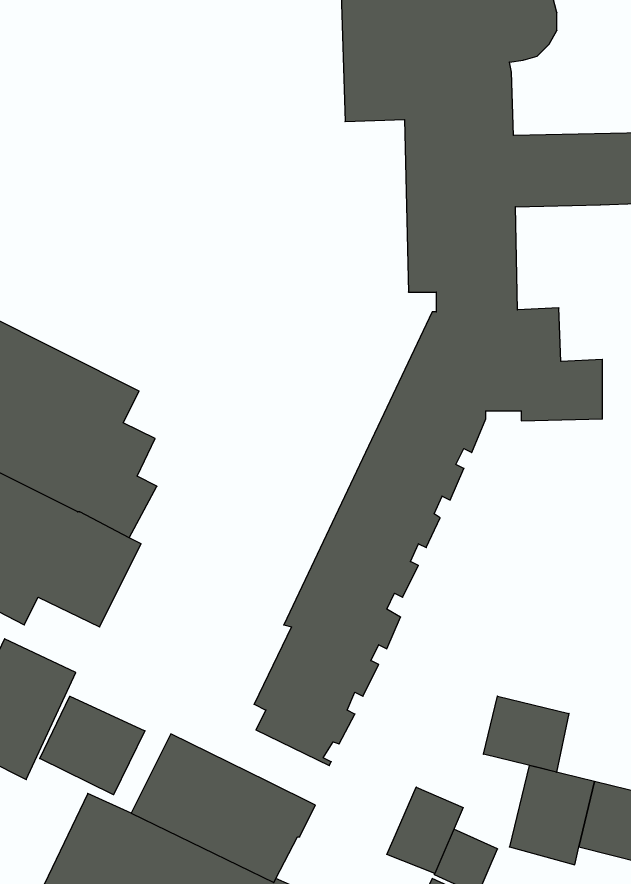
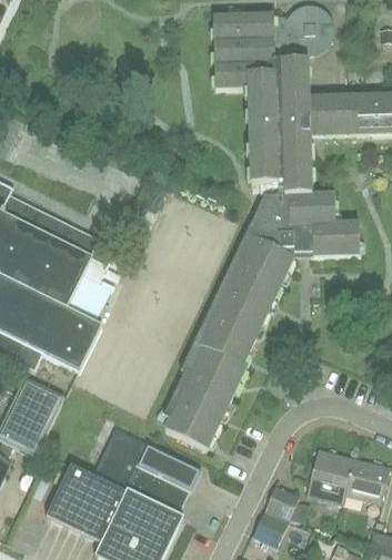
building: [483,696,569,772] -> none
building: [40,696,145,795] -> none
building: [387,787,463,874] -> none

